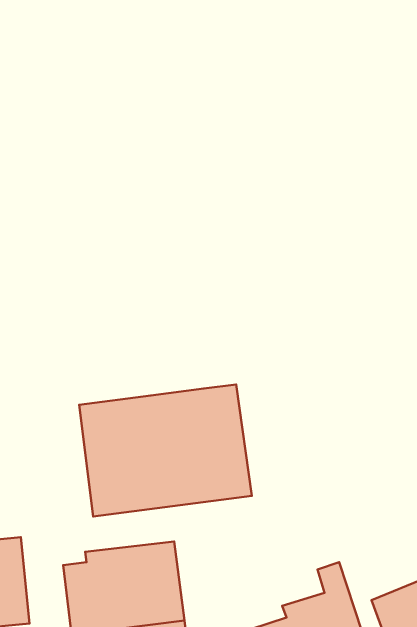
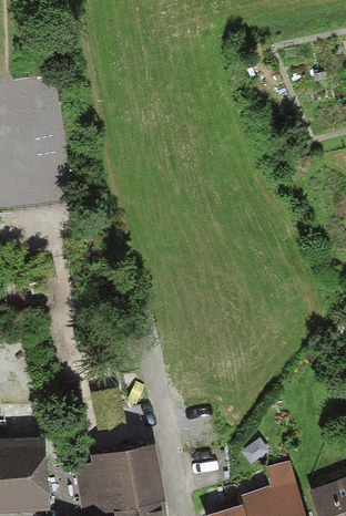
building: [79,385,252,516] -> none

